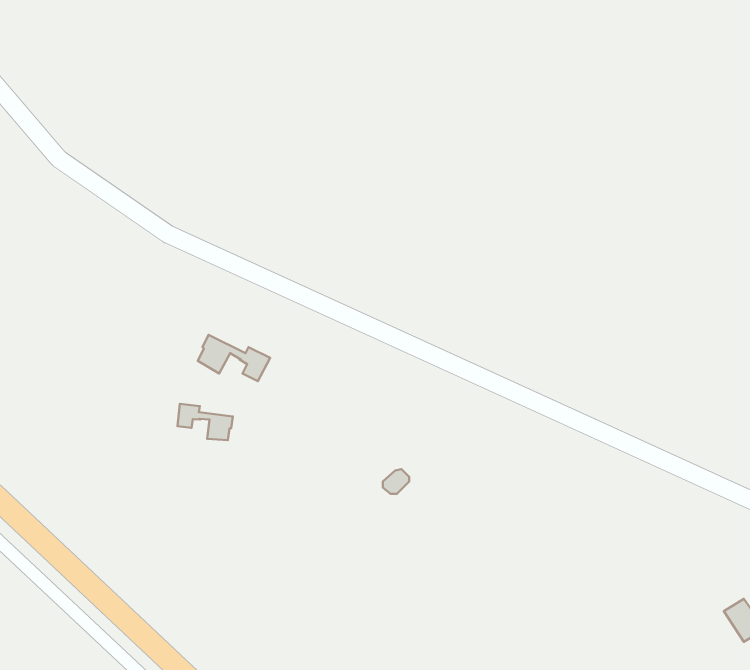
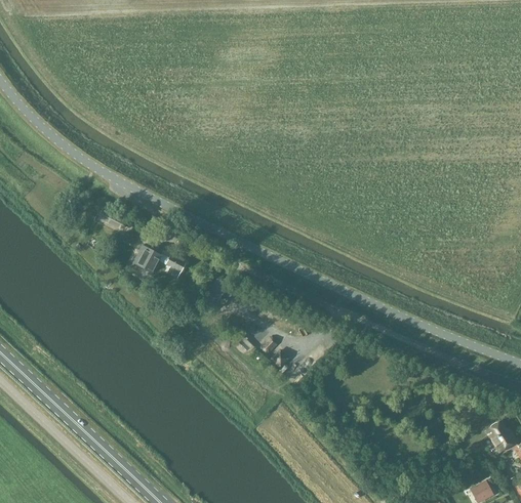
building: [177,404,233,440] -> none

